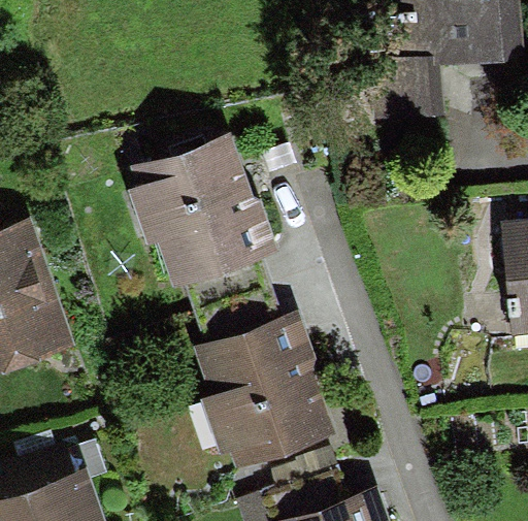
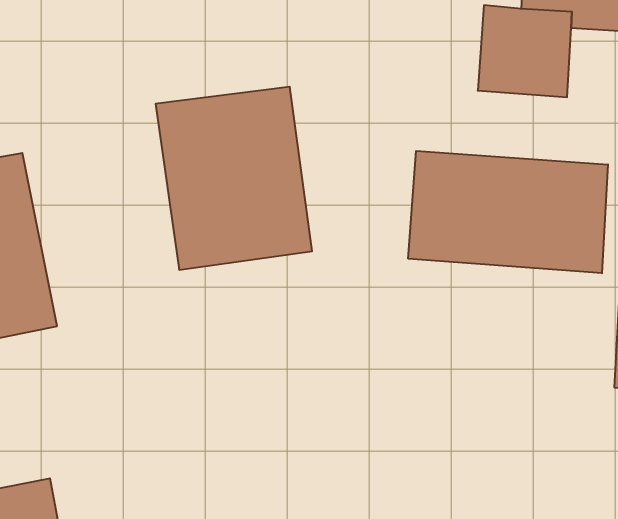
building: none -> [408,151,608,273]
building: [196,312,336,469] -> none

